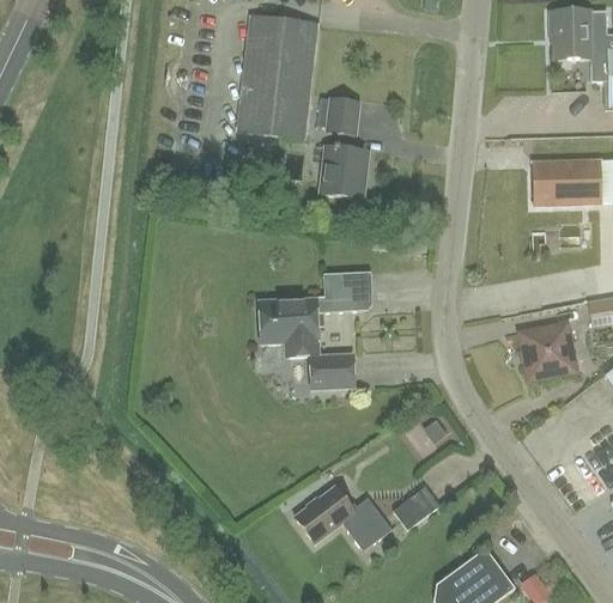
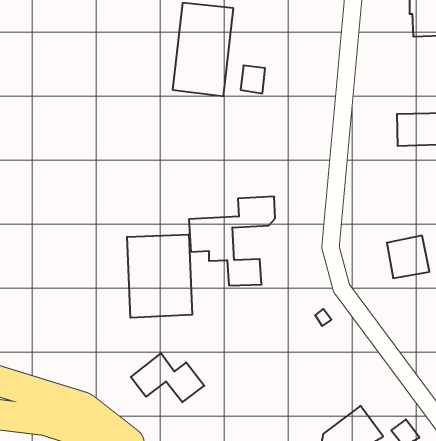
building: [320,146,369,199] -> none
building: none -> [127,234,192,318]
building: [295,486,392,550] -> [131,353,204,402]
building: [393,486,439,529] -> none

